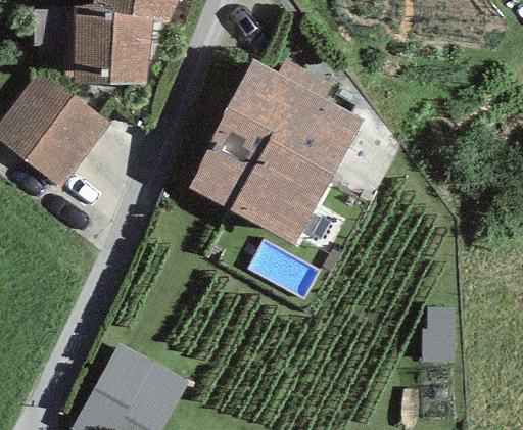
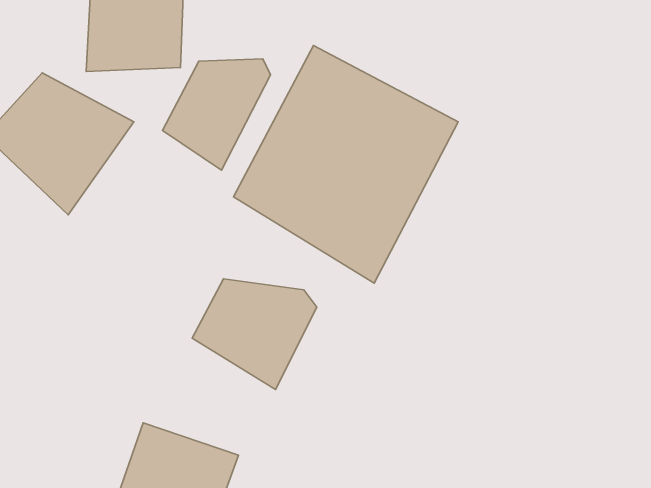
building: none -> [162,59,270,170]
building: none -> [192,279,317,390]

